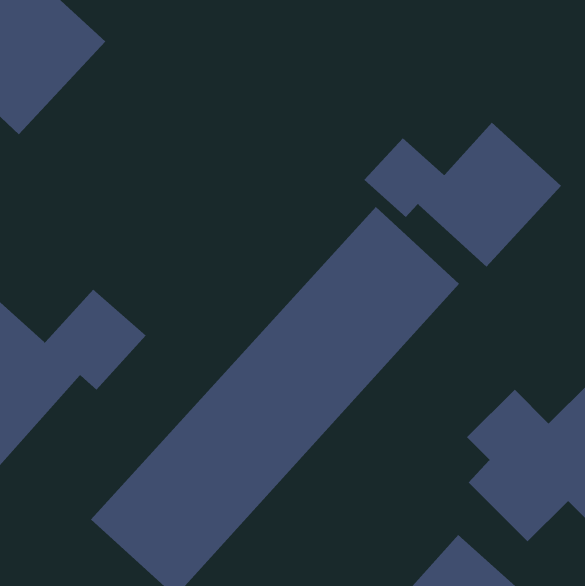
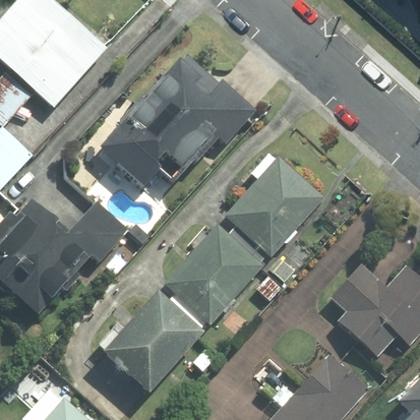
building: none -> [103,55,255,190]
building: [363,122,562,268] -> none

